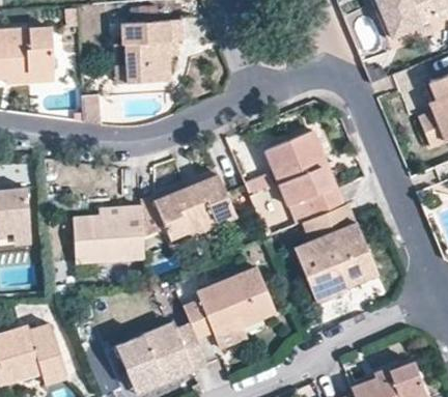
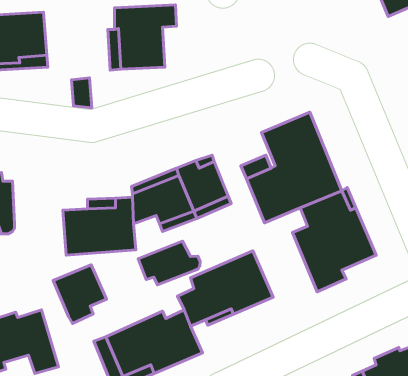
building: none -> [138,241,200,285]
building: none -> [53,265,107,323]

